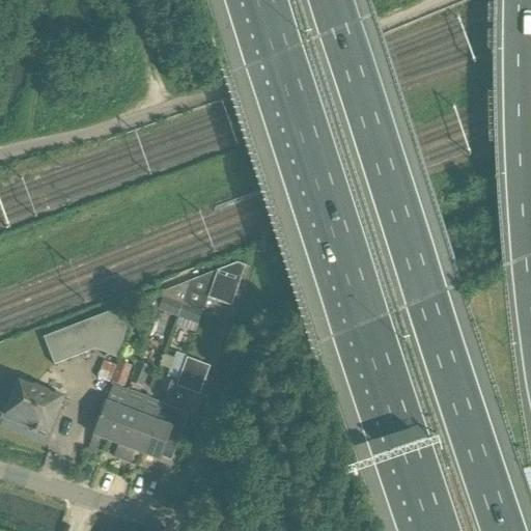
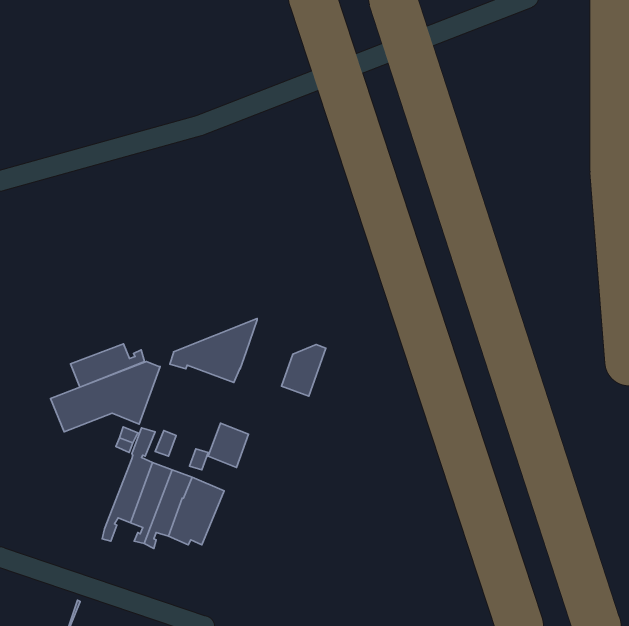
building: [207,261,245,305] -> [282,344,326,396]
building: none -> [71,344,145,387]
building: [5,380,61,431] -> none

